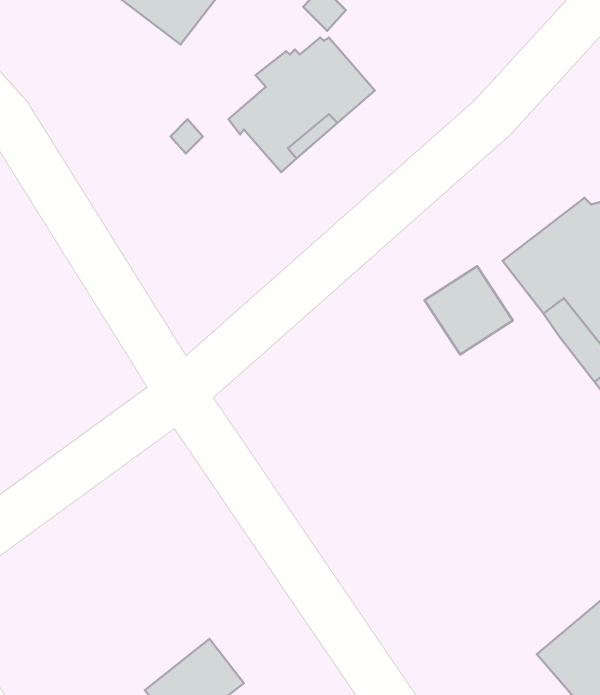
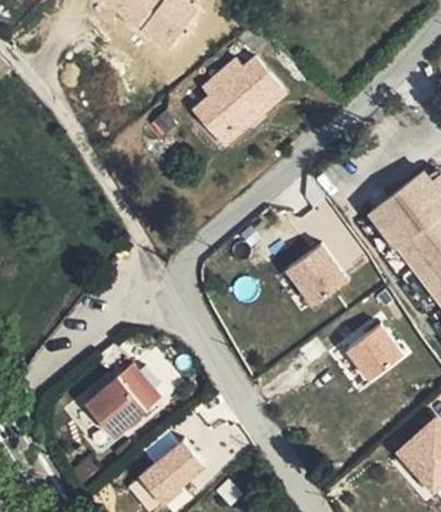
building: [424,266,513,355] -> [284,250,341,308]
building: none -> [341,330,397,385]
building: none -> [80,368,155,442]

